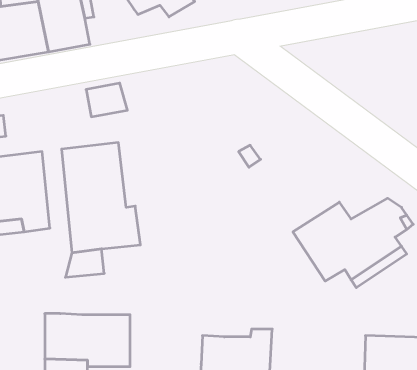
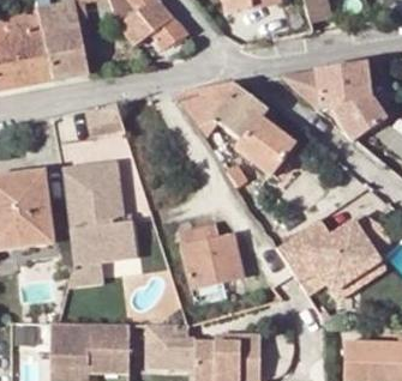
building: none -> [286,62,385,139]
building: none -> [178,83,293,177]
building: none -> [180,224,241,286]
building: none -> [144,322,193,368]

